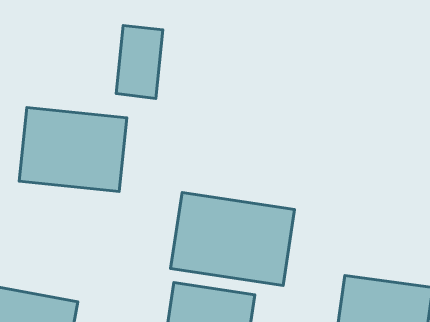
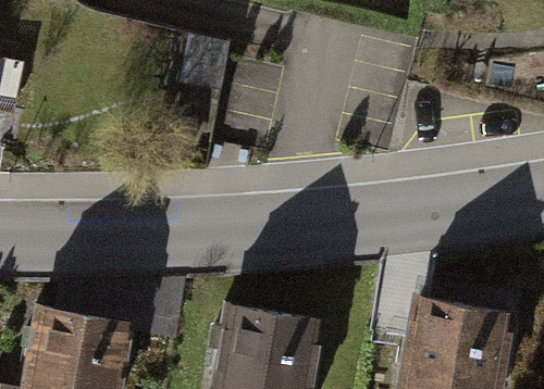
building: [19,107,127,191] -> none
building: [170,193,295,286] -> none

